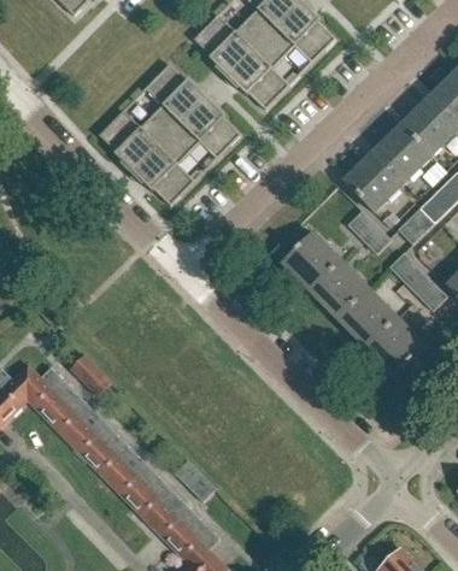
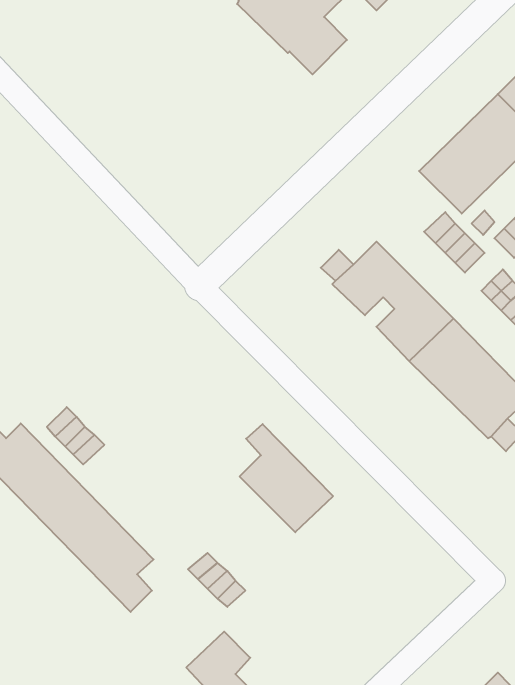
building: [99,64,241,205] -> none
building: [131,466,200,546] -> [240,424,333,532]

